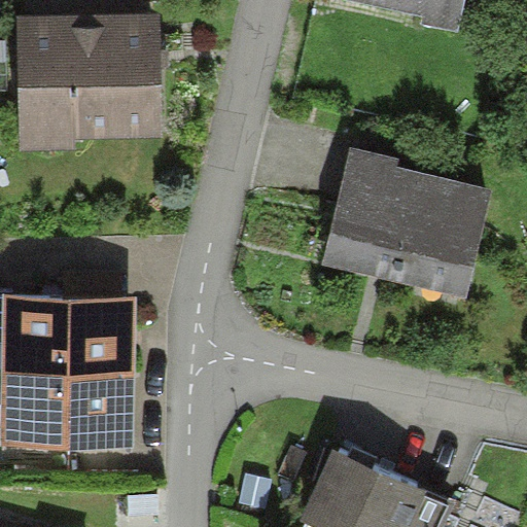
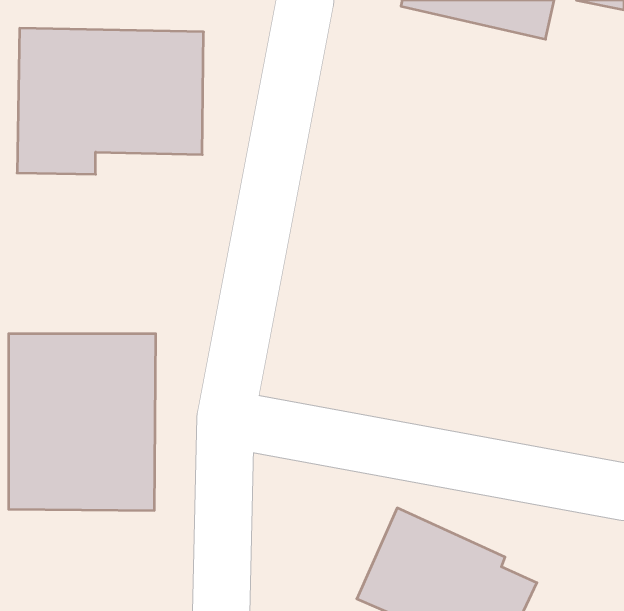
building: [317,143,489,301] -> none

